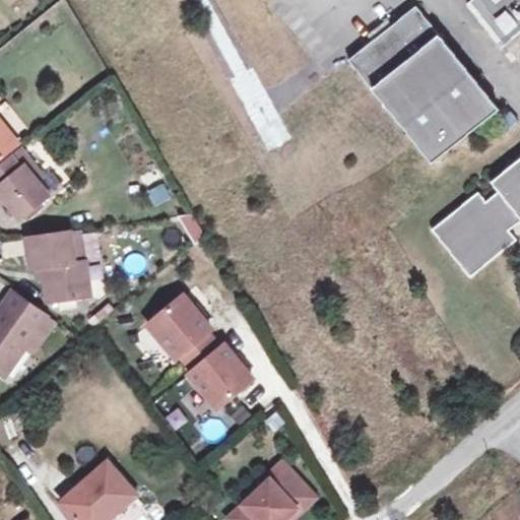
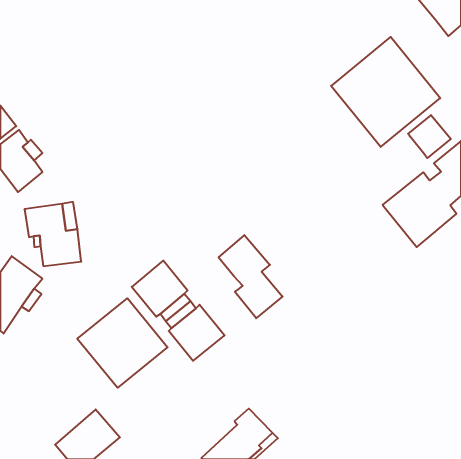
building: [344,7,440,96] -> none
building: none -> [408,115,451,158]
building: none -> [219,235,283,318]
building: none -> [77,298,168,388]

